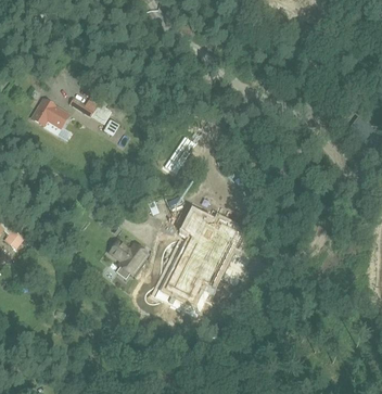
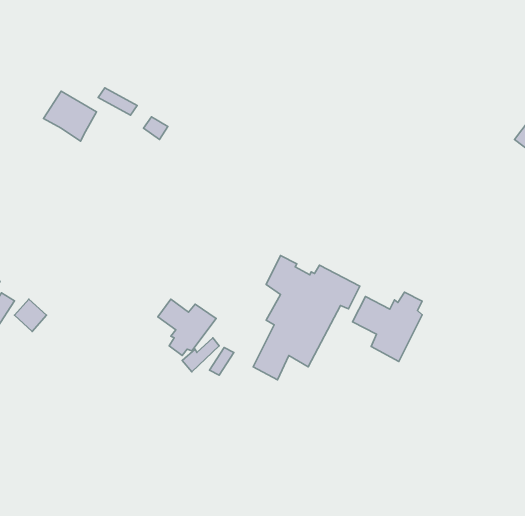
building: none -> [352,292,422,362]

